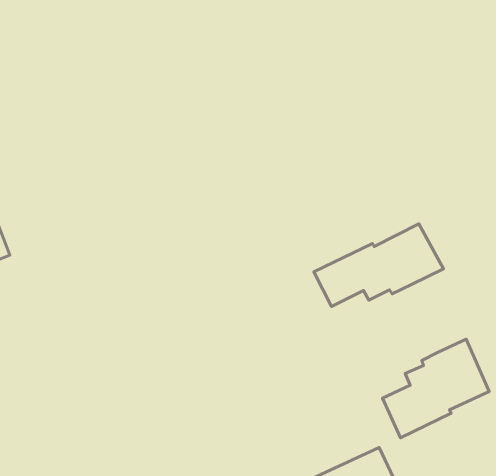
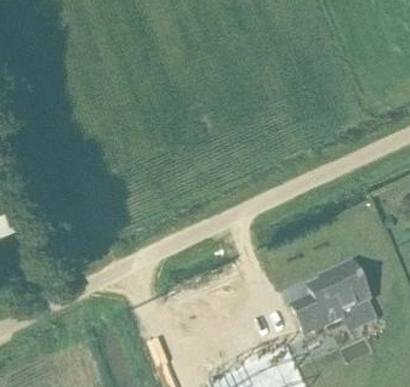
building: [314,224,443,306] -> none

